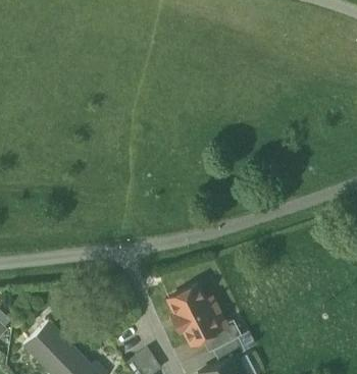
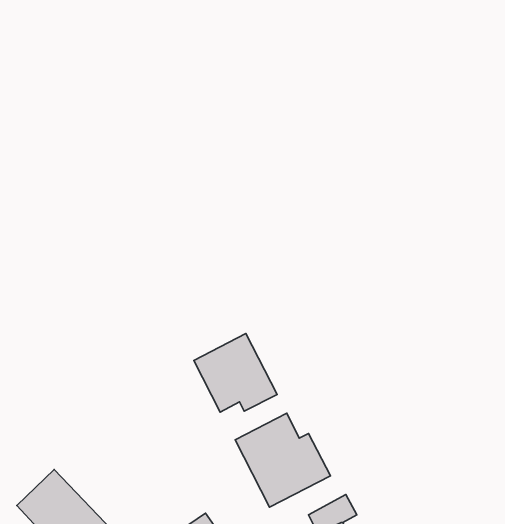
building: none -> [194,334,277,412]

